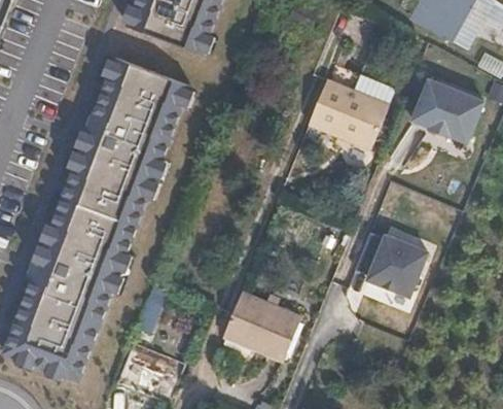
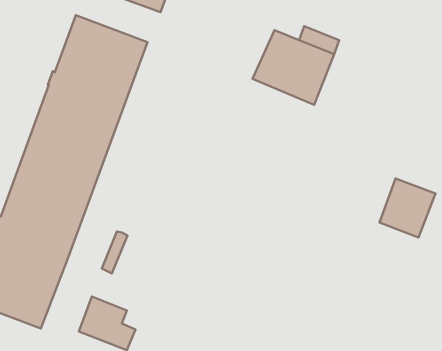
building: [412,74,487,145] -> none
building: [370,232,428,293] -> [380,179,435,237]
building: [222,288,299,359] -> none

